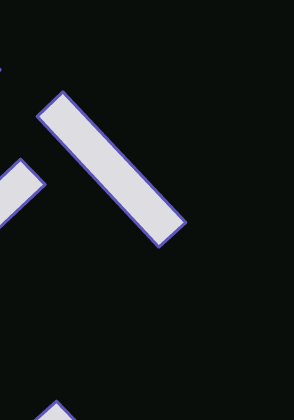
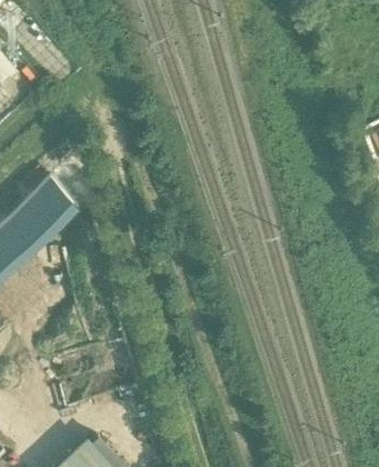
building: [37,92,186,247] -> none

